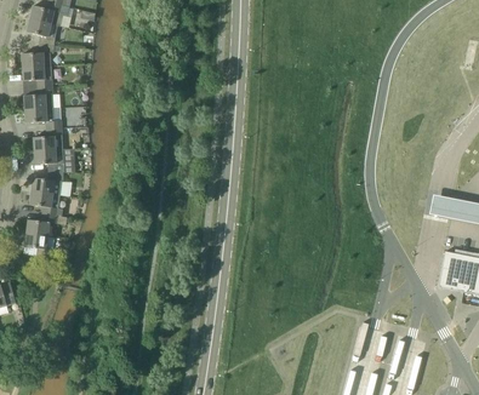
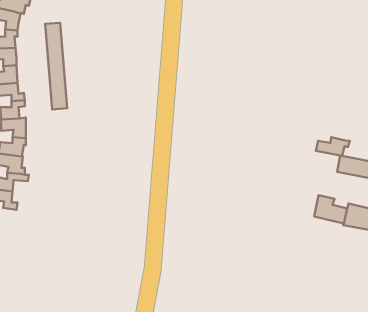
building: none -> [45,23,67,109]
building: none -> [316,137,350,156]
building: none -> [314,195,347,223]

